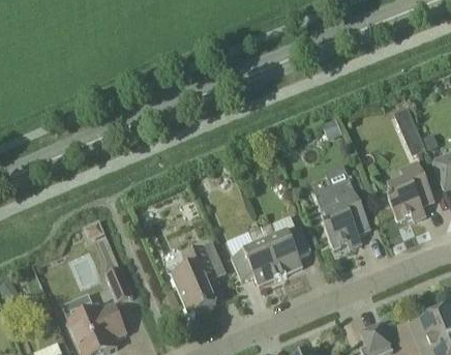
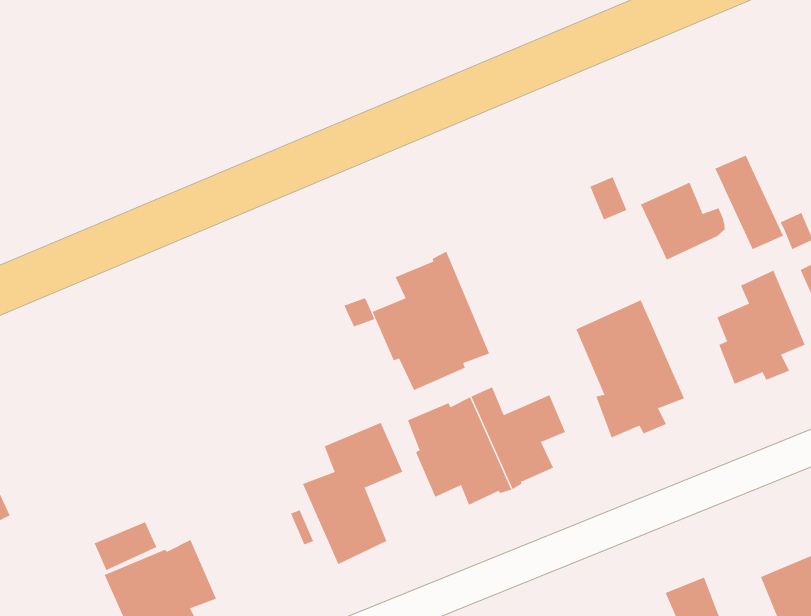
building: none -> [640,182,725,261]
building: none -> [372,251,490,391]
building: [106,267,133,302] -> none

